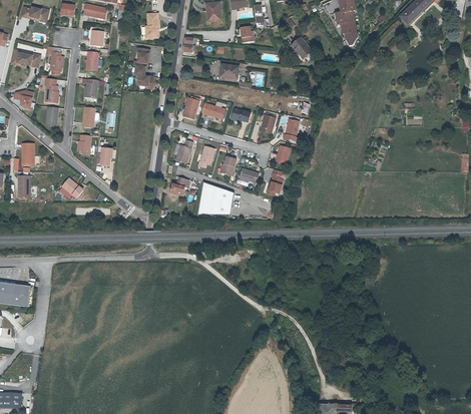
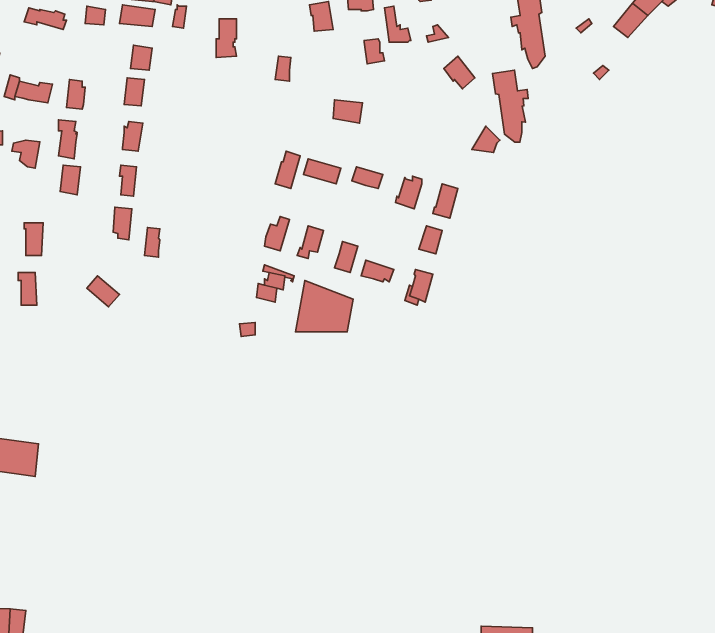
building: none -> [492,70,528,142]
building: [133,48,153,88] -> none

